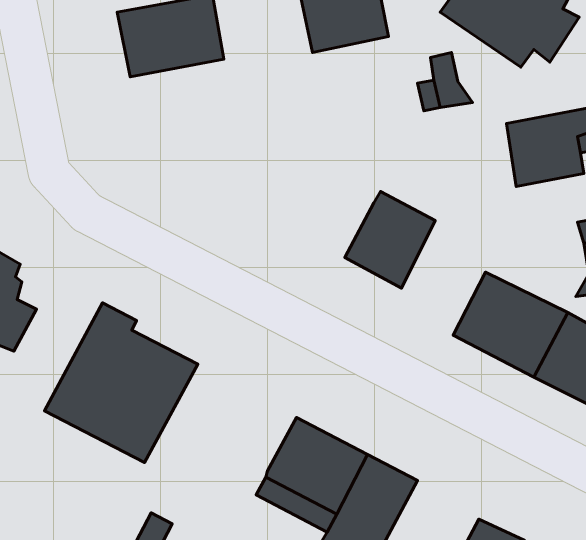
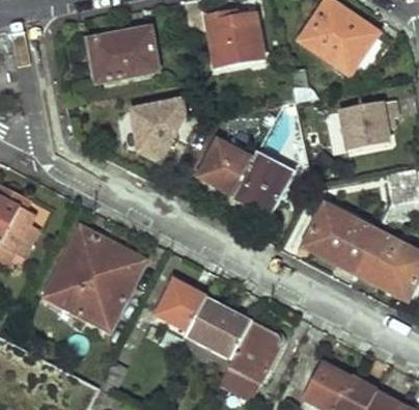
building: none -> [134,99,204,162]
building: none -> [198,140,254,195]
building: none -> [155,282,204,332]

